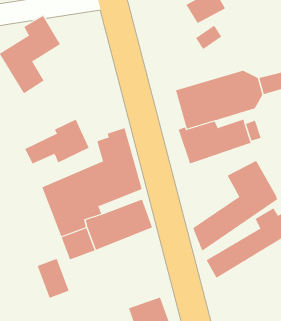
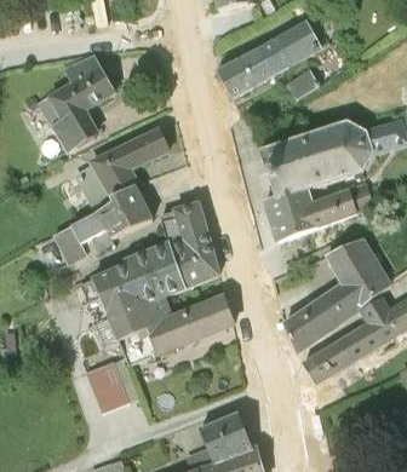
building: none -> [217,42,288,99]
building: none -> [88,127,168,200]
building: none -> [52,224,86,265]

